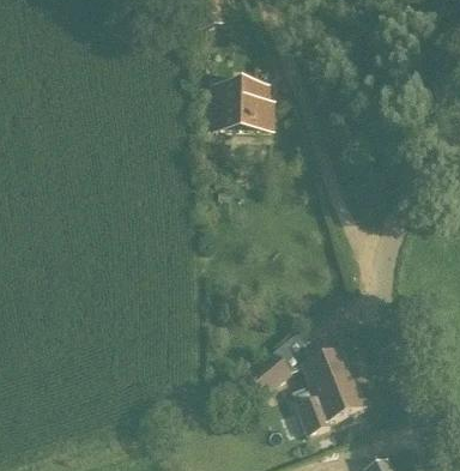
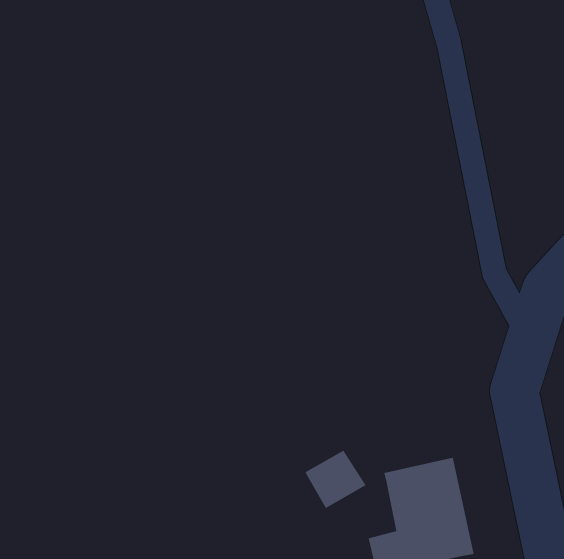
building: [214,79,272,126] -> none

